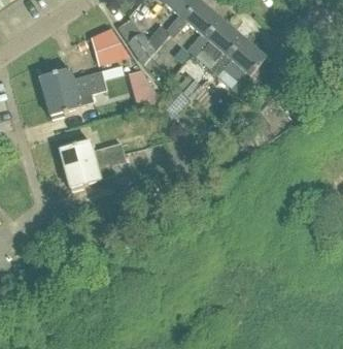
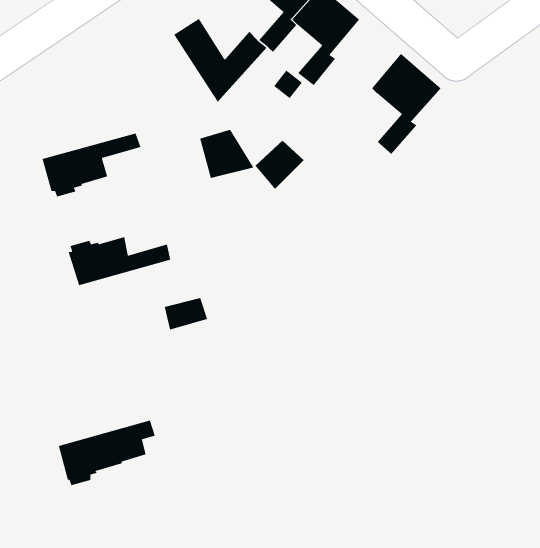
building: [205,19,244,74] -> none
building: [93,28,129,63] -> none
building: [39,68,97,96] -> none
building: [65,153,119,190] -> [58,420,156,486]

